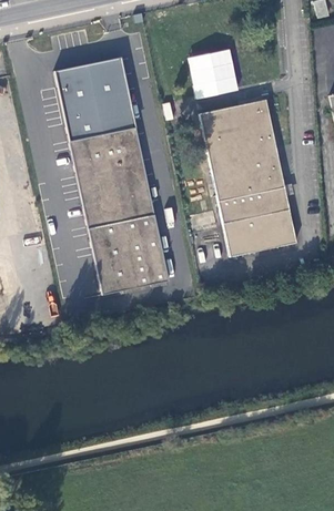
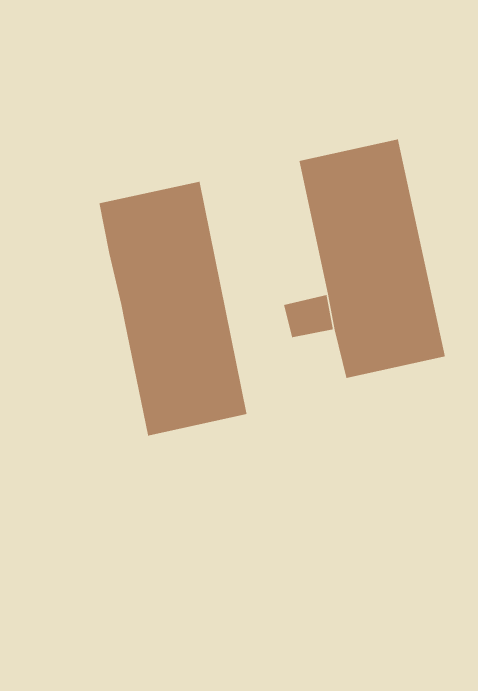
building: [189,48,239,98] -> none
building: [54,59,135,141] -> none

